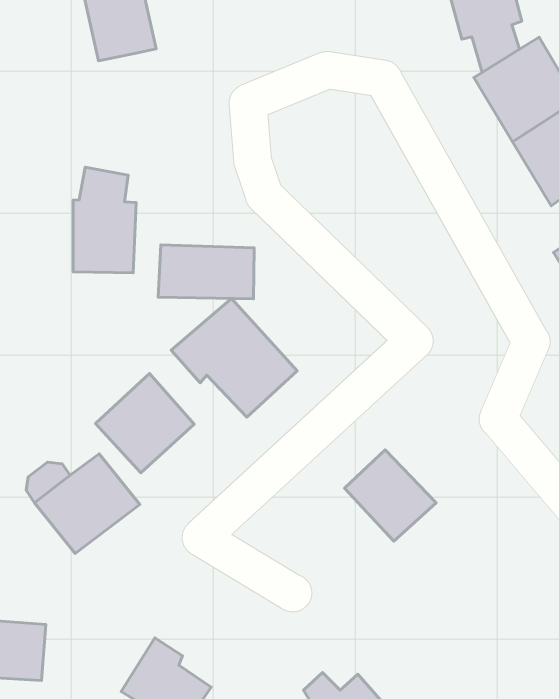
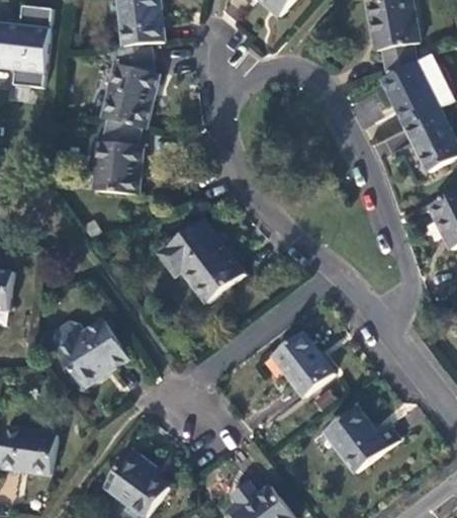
building: none -> [100,45,159,131]
building: [158,245,254,299] -> none
building: [96,373,194,473] -> none
building: none -> [324,407,397,471]

